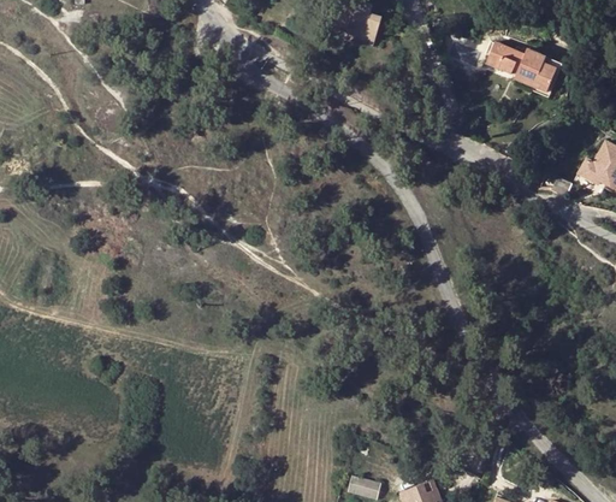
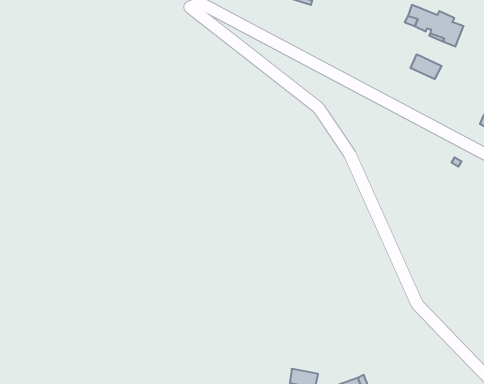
building: none -> [411,54,442,79]

